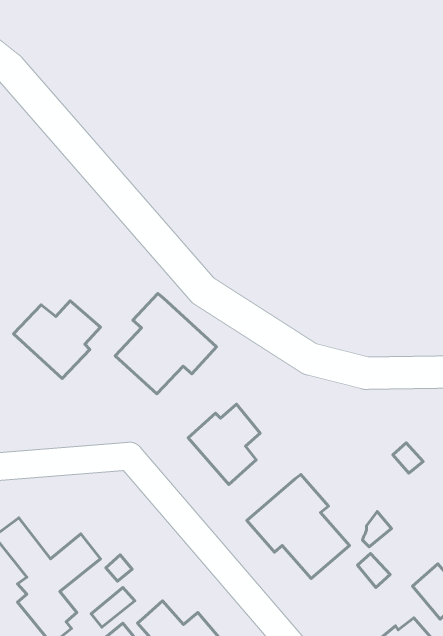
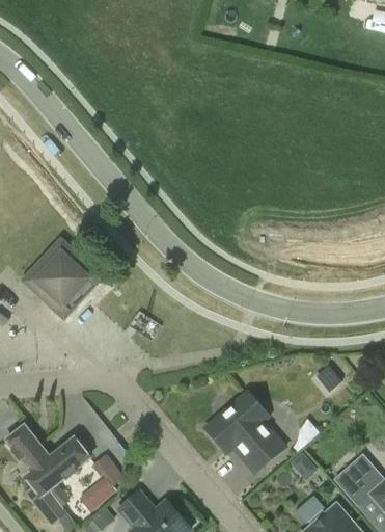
building: [115,293,217,394] -> none
building: [188,404,260,484] -> none

